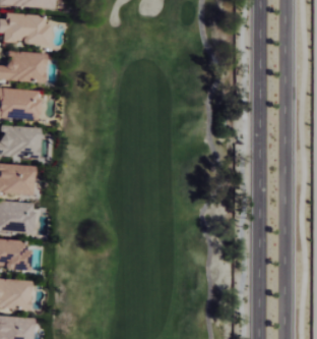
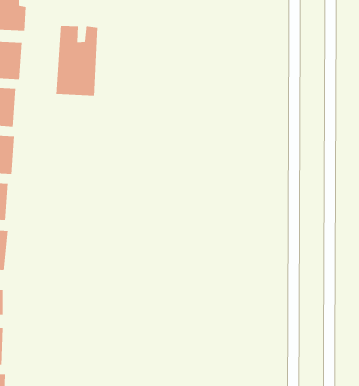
building: none -> [56,25,98,97]

